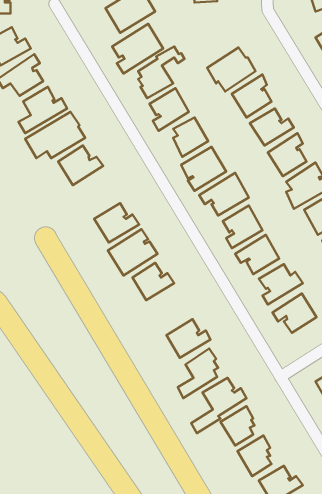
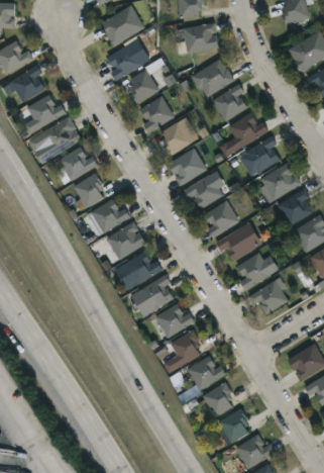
building: none -> [185,22,220,53]
building: none -> [73,173,102,212]
building: none -> [139,274,174,311]

